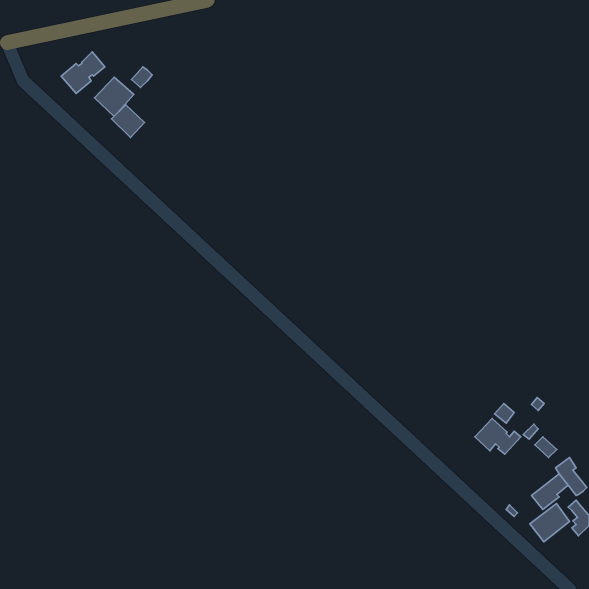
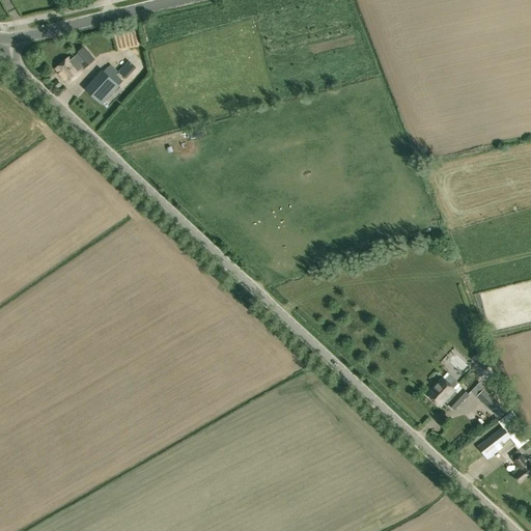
building: [112,105,144,137] -> none
building: [530,504,570,542] -> none

